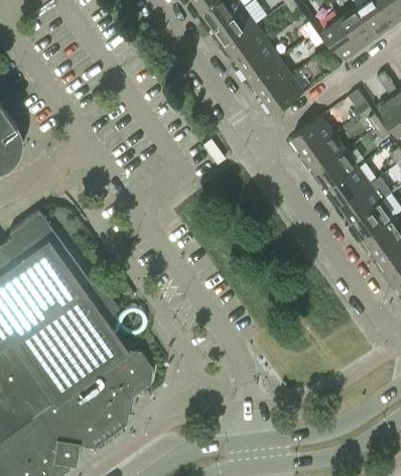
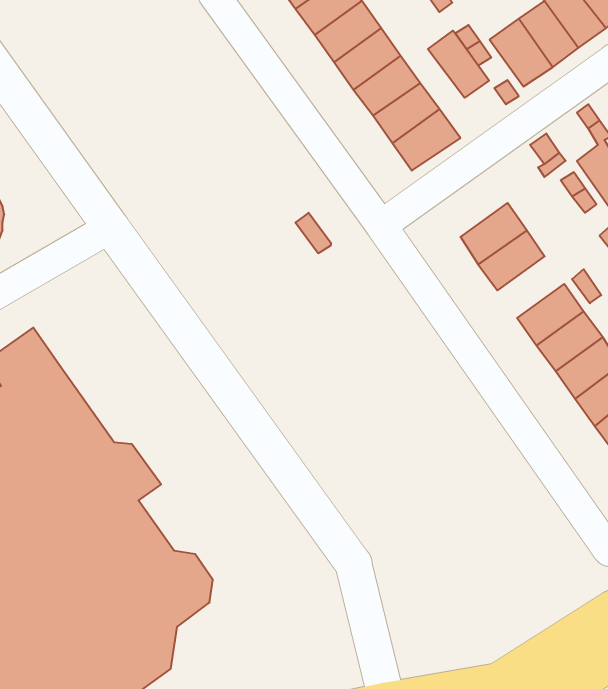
building: none -> [428,31,489,98]
building: [291,117,333,155] -> none
building: [327,167,369,206] -> none

